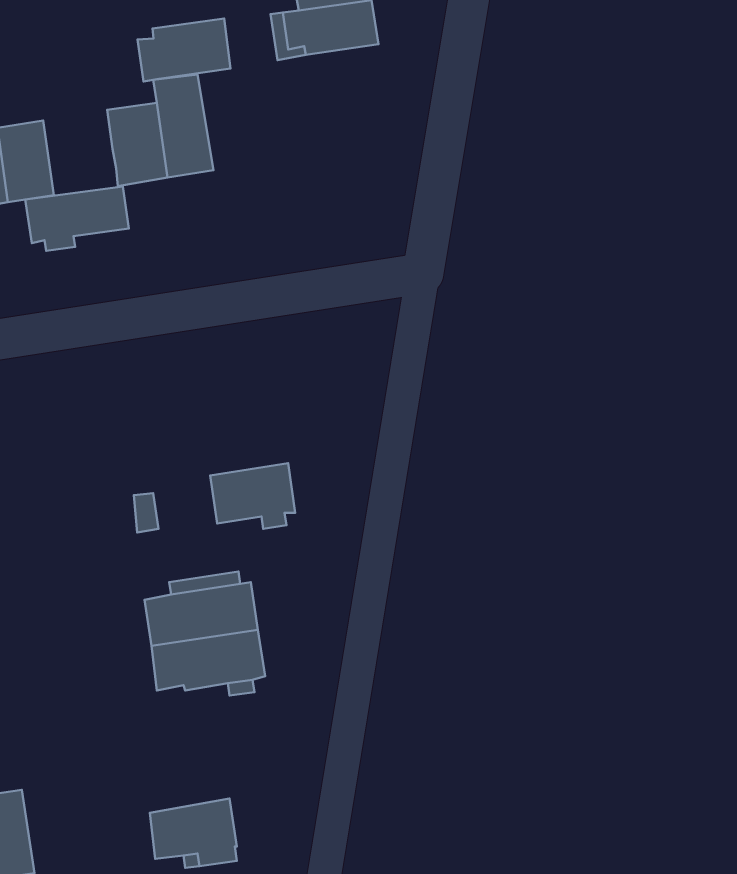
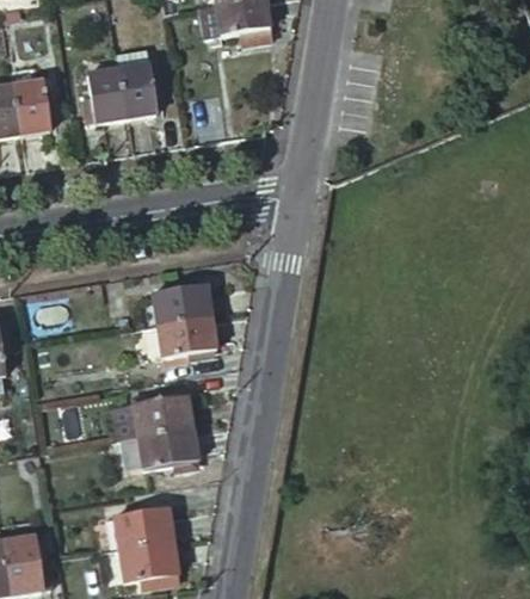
building: [137,18,231,82] -> none
building: [25,186,129,251] -> none
building: none -> [154,280,210,321]
building: none -> [112,506,171,548]

